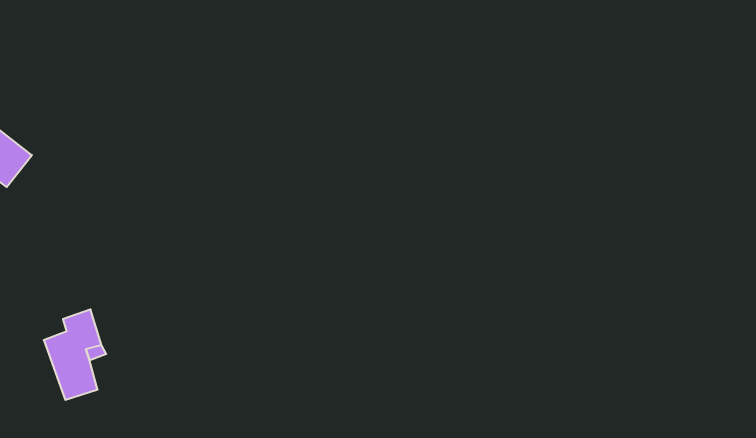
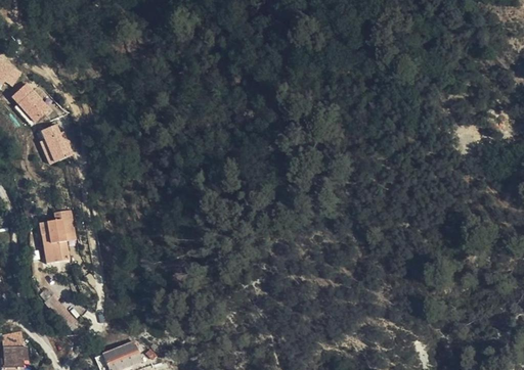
building: none -> [41,124,74,164]

